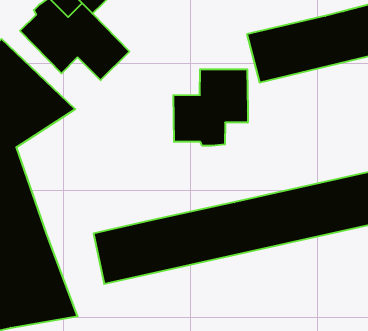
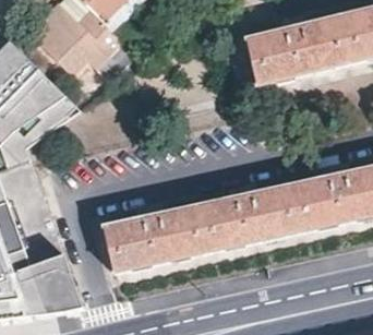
building: [174,69,248,146] -> none

